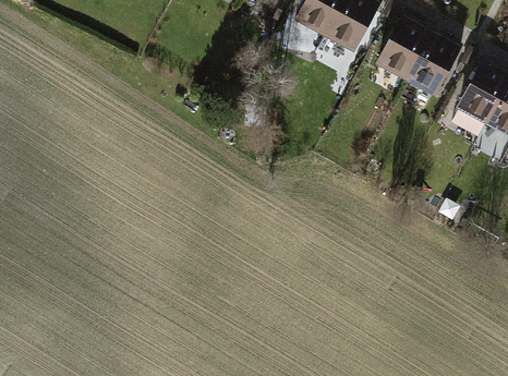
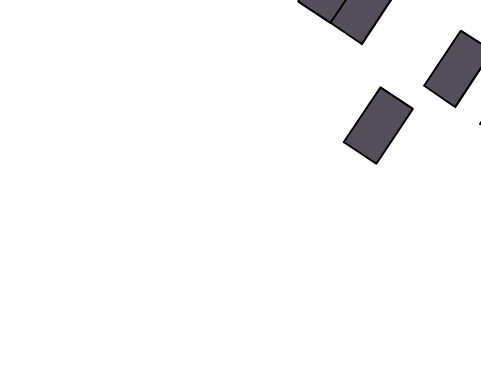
building: [378,16,433,80] -> [344,87,413,164]

